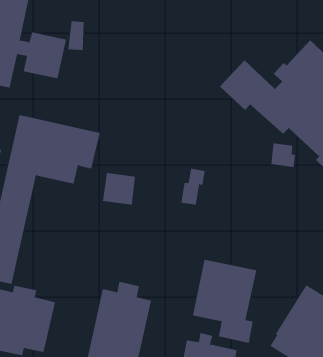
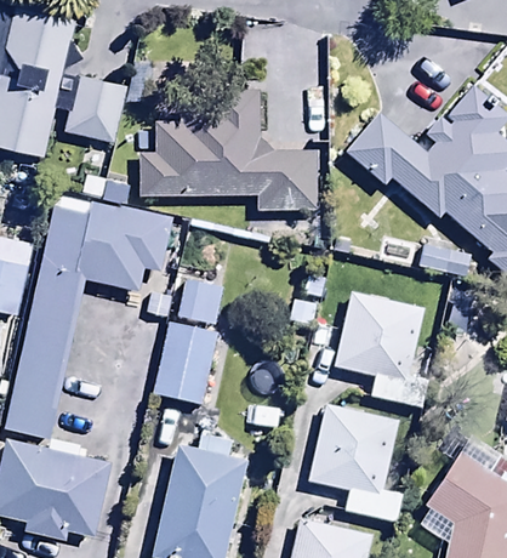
building: none -> [139,89,315,212]
building: none -> [334,283,425,404]
building: none -> [153,320,216,404]

